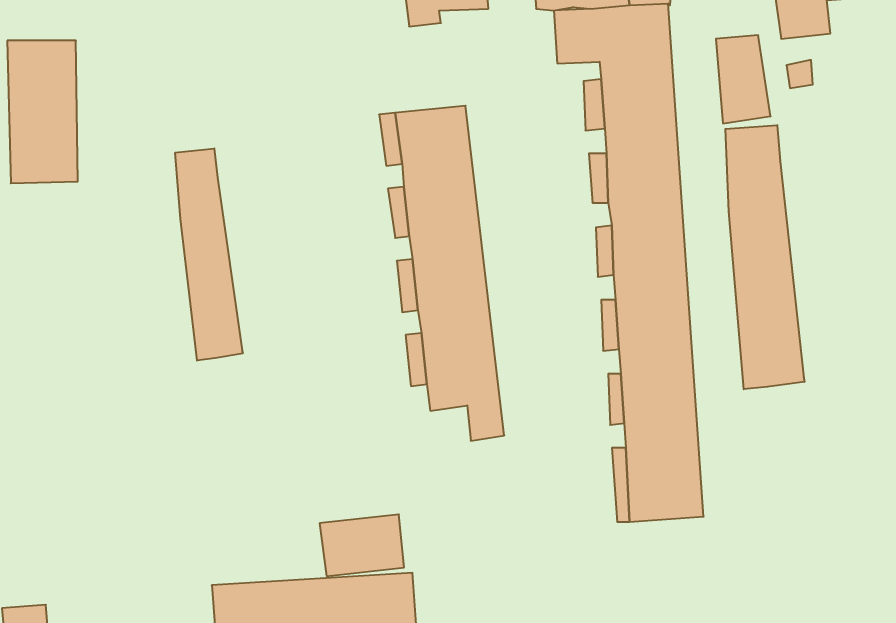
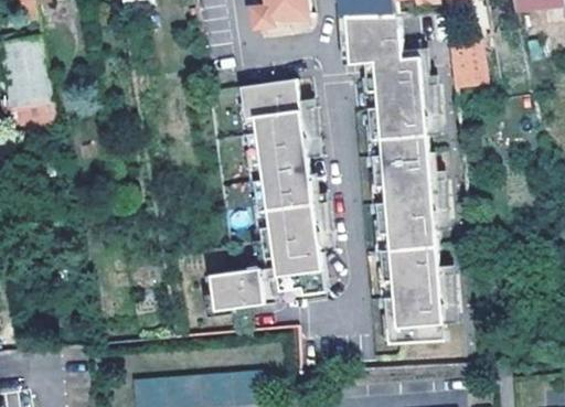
building: [725,125,804,389] -> none
building: [175,148,243,361] -> none
building: [320,514,404,576] -> [207,263,260,301]

